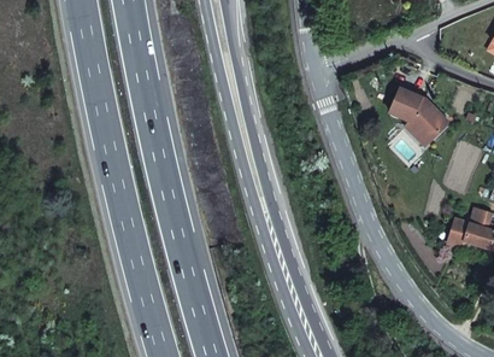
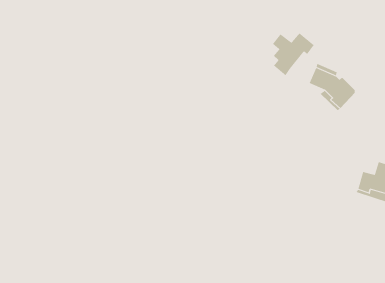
building: none -> [272,33,314,76]

